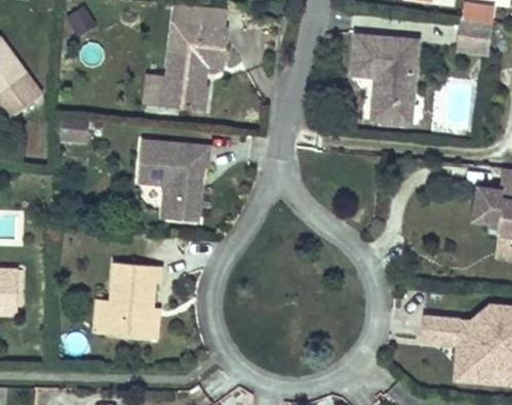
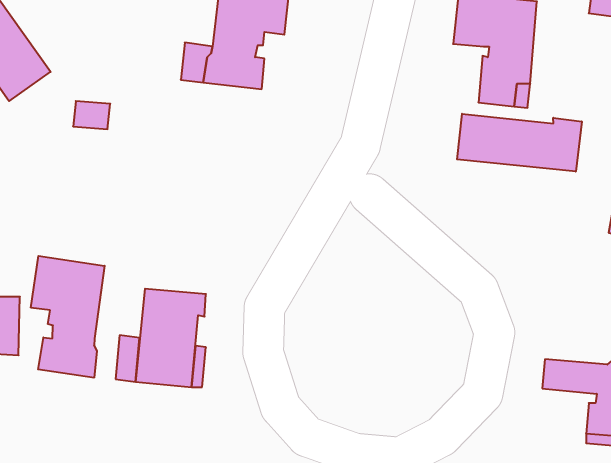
building: none -> [457,114,582,172]
building: [139,139,209,220] -> none
building: none -> [31,256,105,378]

